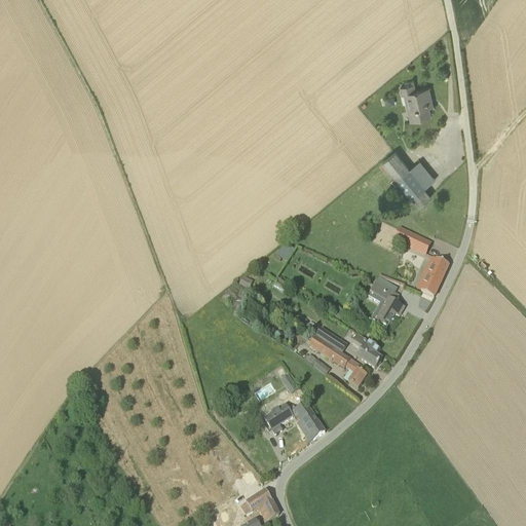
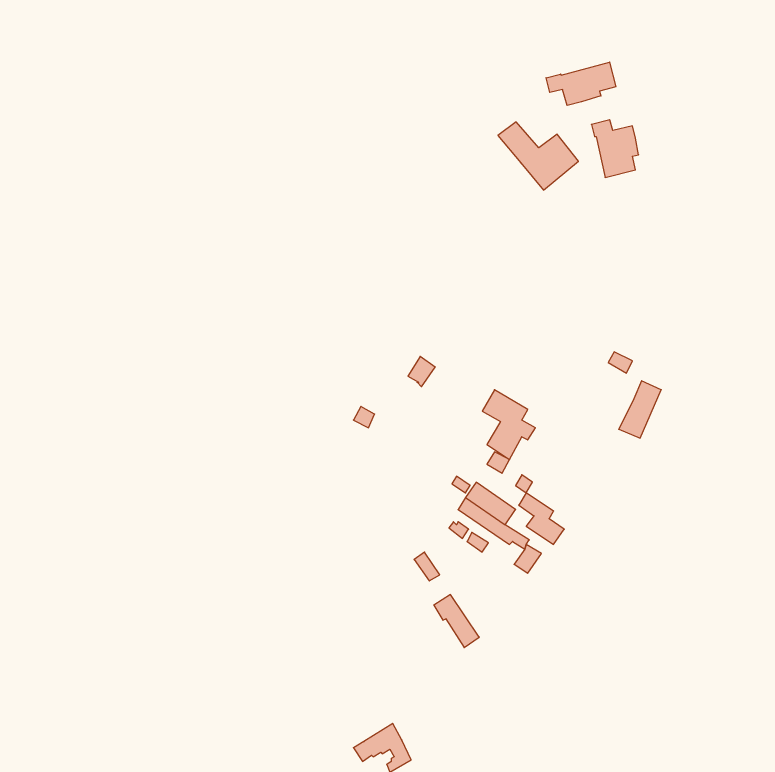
building: none -> [546,62,616,105]
building: [380,150,435,196] -> [498,122,578,190]
building: [368,281,404,329] -> [482,390,535,460]
building: [264,404,293,435] -> none

